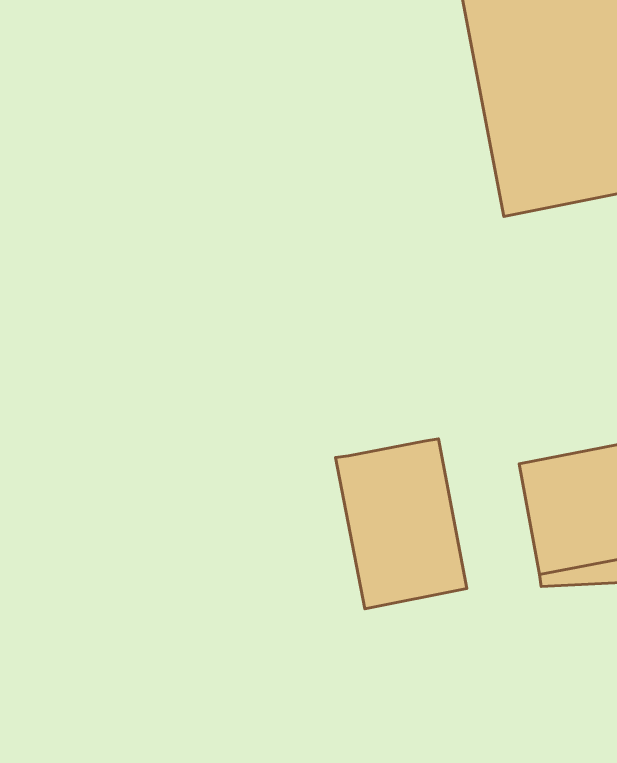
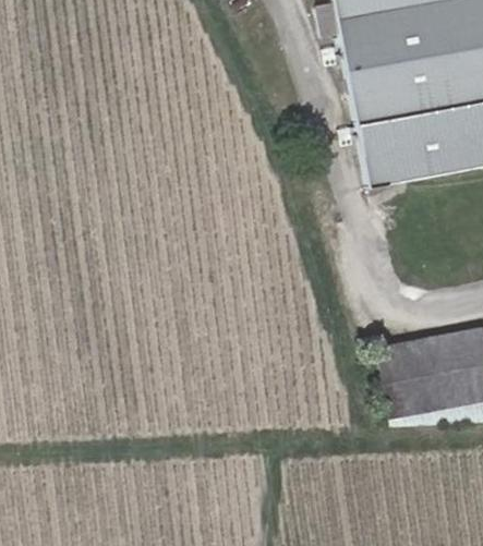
building: [336,439,467,609] -> none

